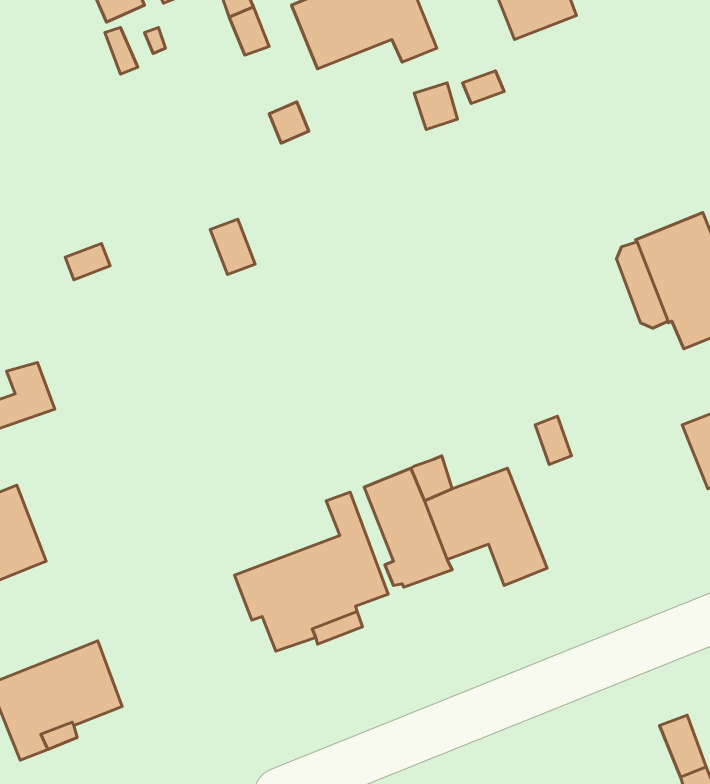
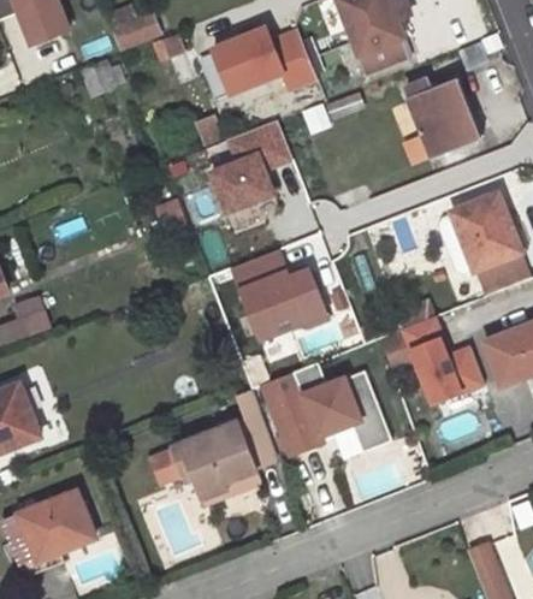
building: none -> [405,79,476,156]
building: none -> [212,121,289,213]
building: none -> [232,249,326,339]
building: none -> [404,315,485,403]

